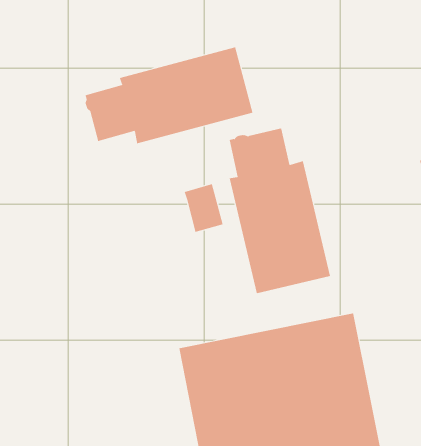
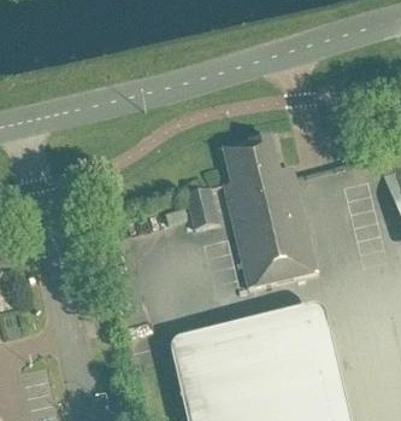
building: [85,46,253,144] -> none

